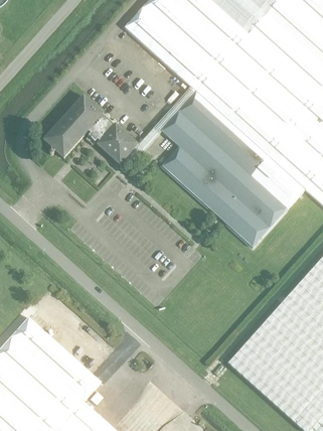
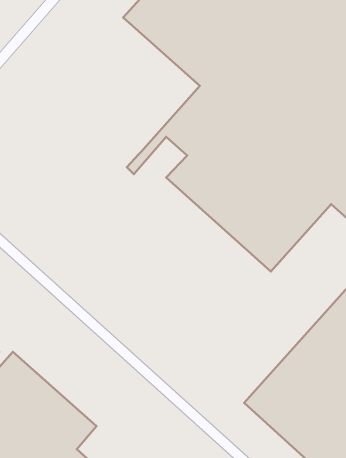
building: [44,97,138,165] -> none

